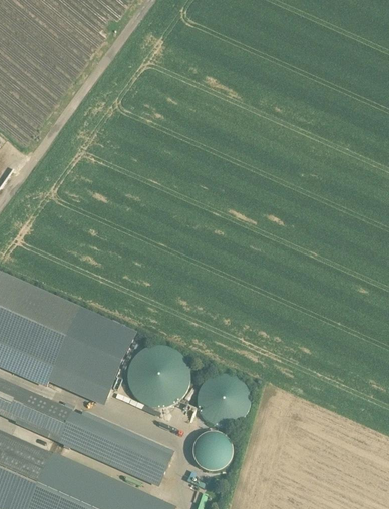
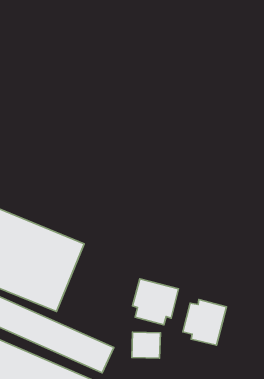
building: [122,341,189,408] -> none
building: none -> [183,300,226,345]

